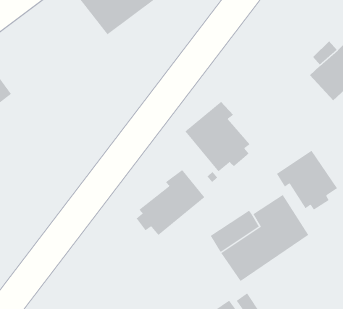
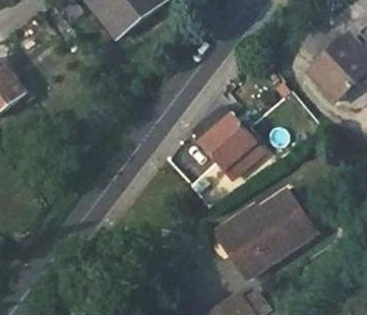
building: [276,150,338,210] -> none
building: [136,169,205,236] -> none

